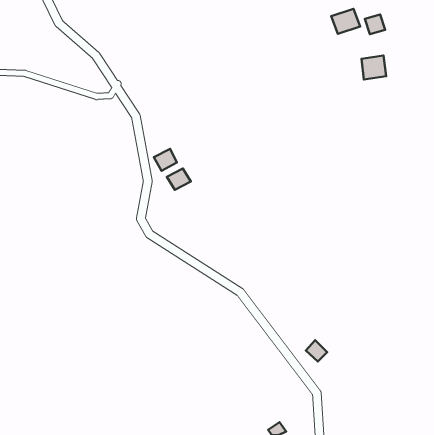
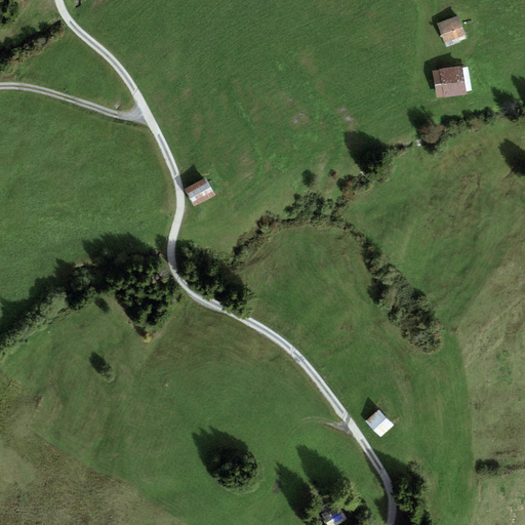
building: [331,9,360,34] -> none
building: [167,168,191,190] -> none

